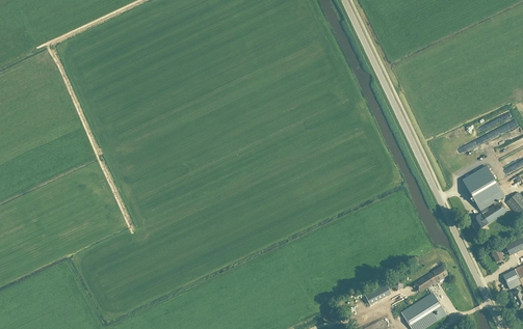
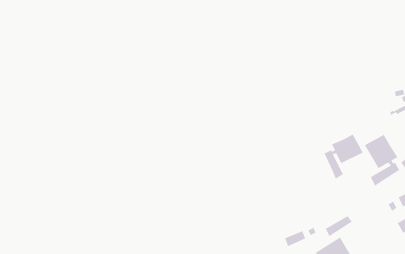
building: none -> [324,133,364,180]

